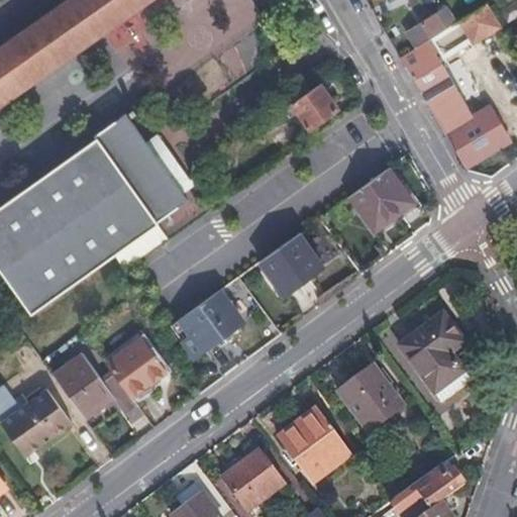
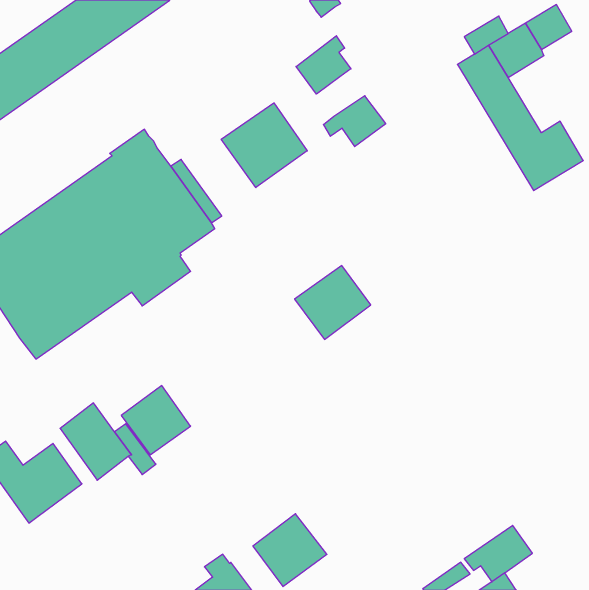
building: none -> [296,36,351,94]
building: none -> [221,103,307,188]
building: [348,168,412,233] -> none
building: [171,290,242,351] -> none
building: [398,312,472,403] -> none
building: [337,366,404,433] -> none
building: [277,408,350,485] -> none

